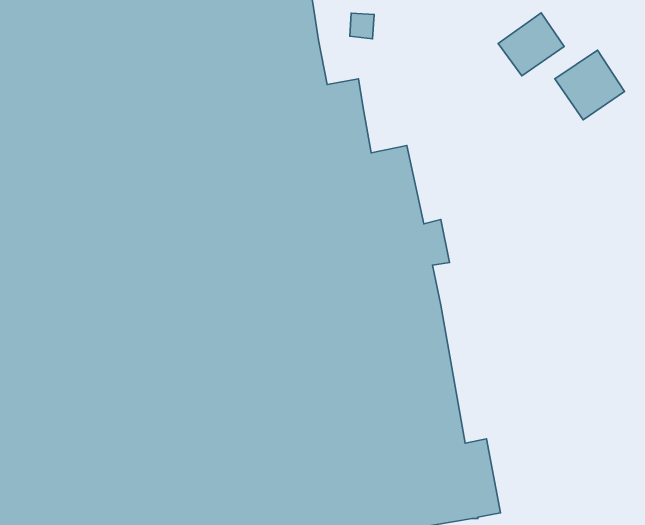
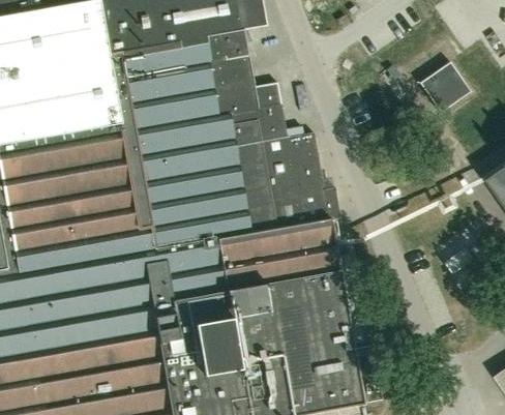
building: [498,13,564,76] -> none

